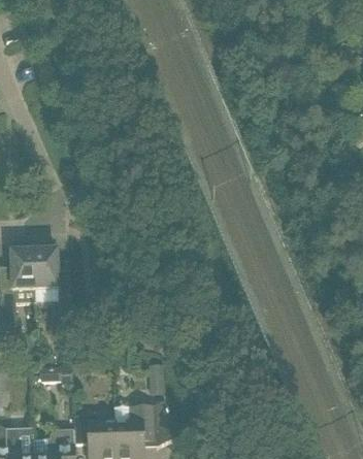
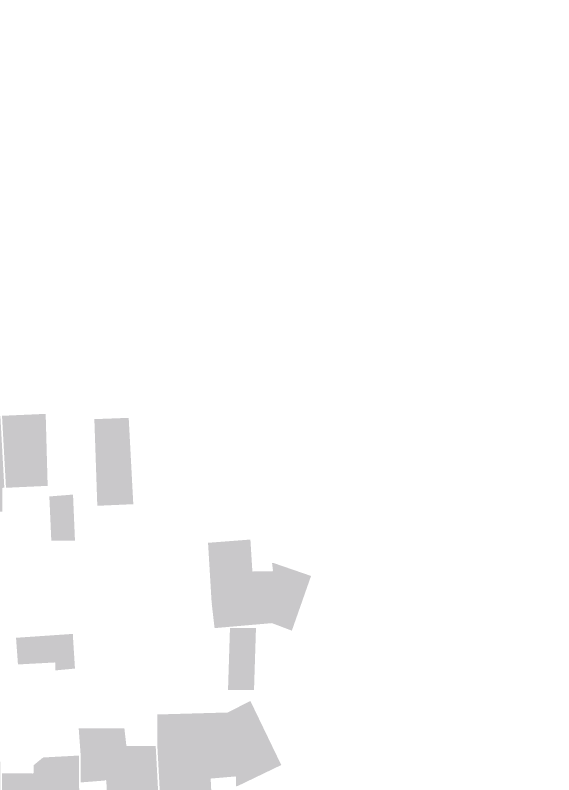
building: none -> [94,417,134,506]
building: none -> [208,539,312,631]

